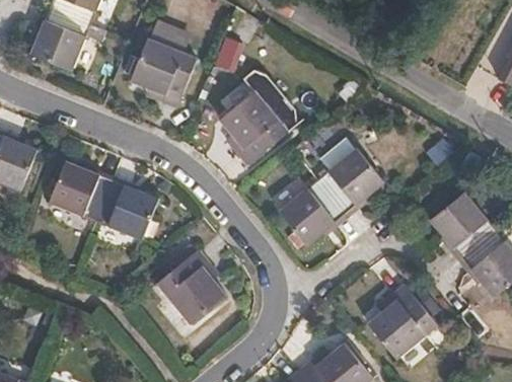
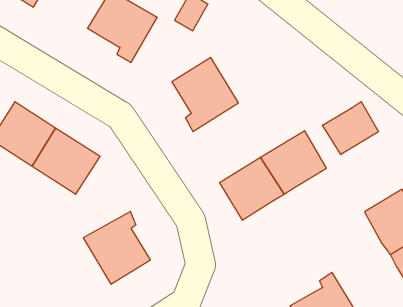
building: none -> [322,102,379,155]

